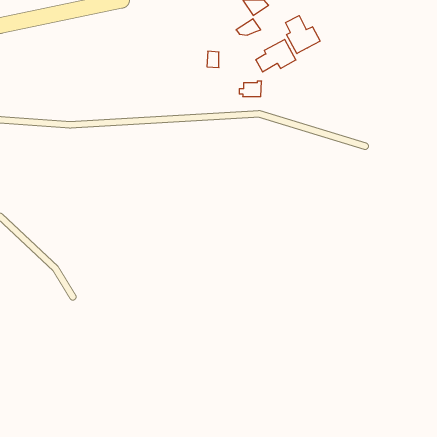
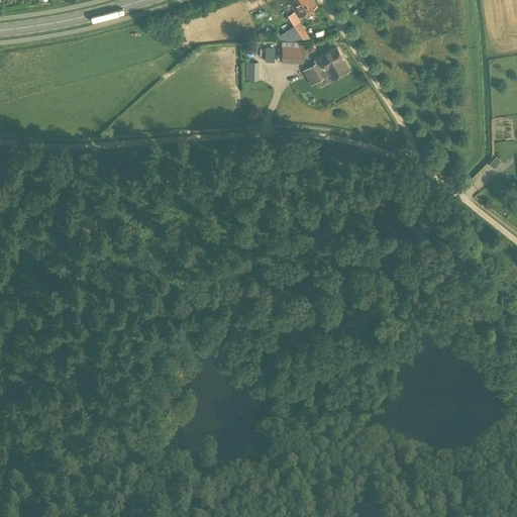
building: [286,16,320,54] -> none
building: [239,81,262,97] -> [277,44,303,63]

